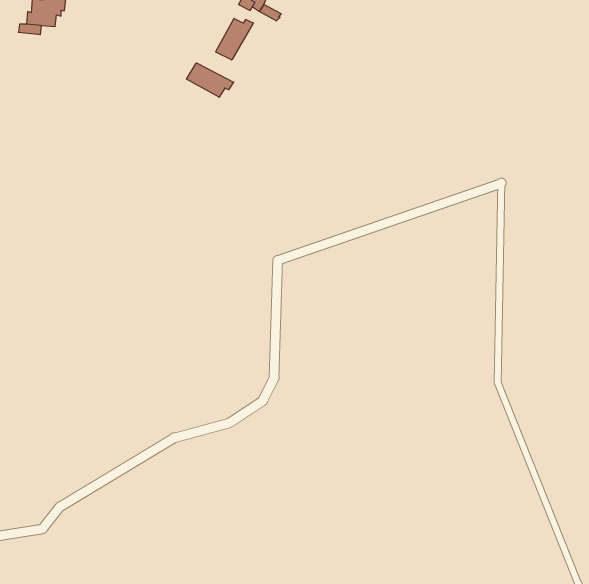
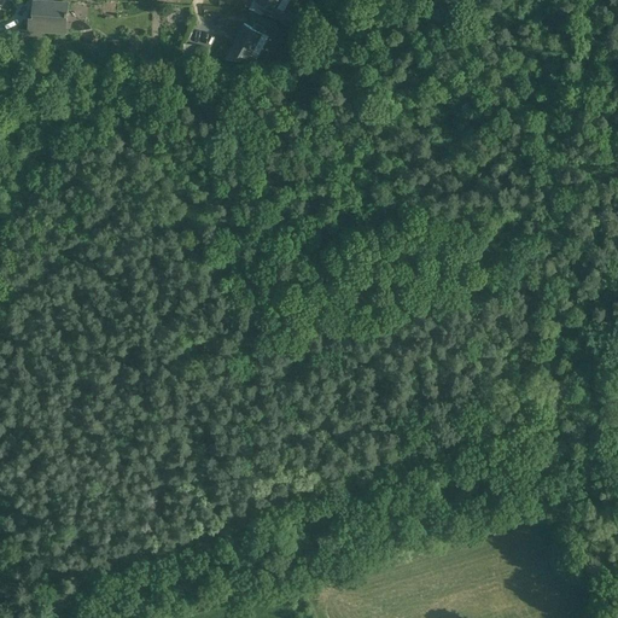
building: [187,63,234,97] -> none

